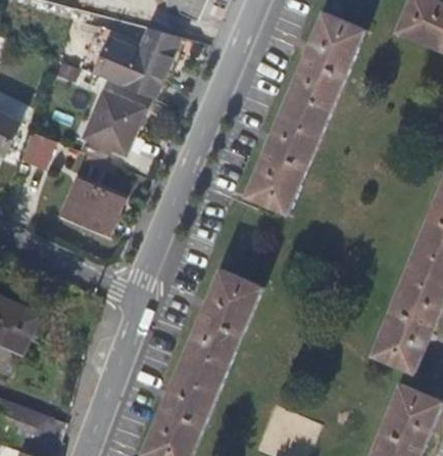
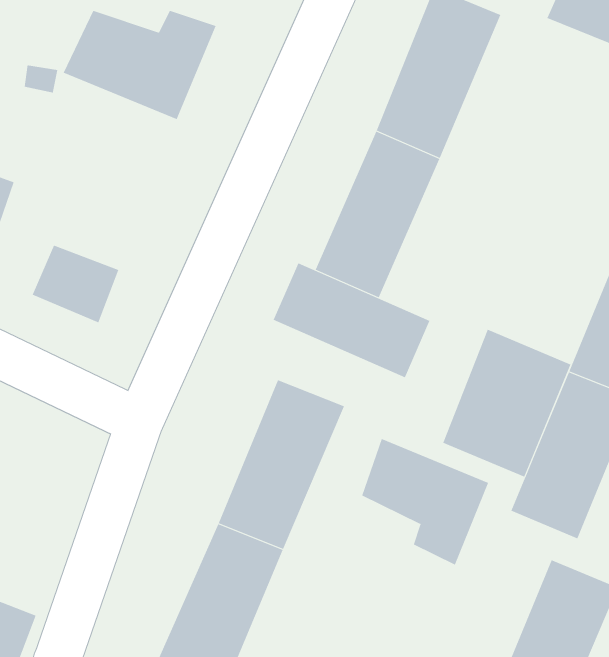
building: [82,91,143,153] -> none
building: none -> [273,263,430,378]
building: none -> [442,329,571,477]
building: none -> [361,438,489,565]

